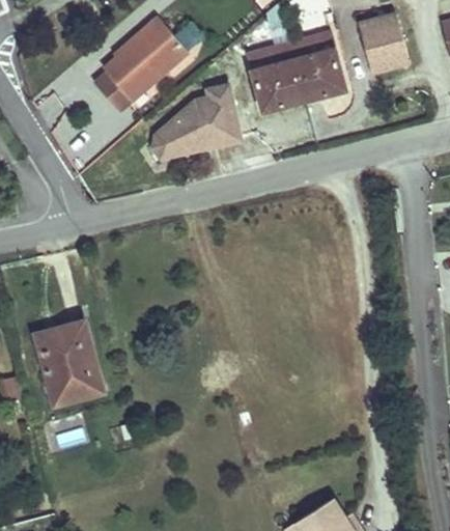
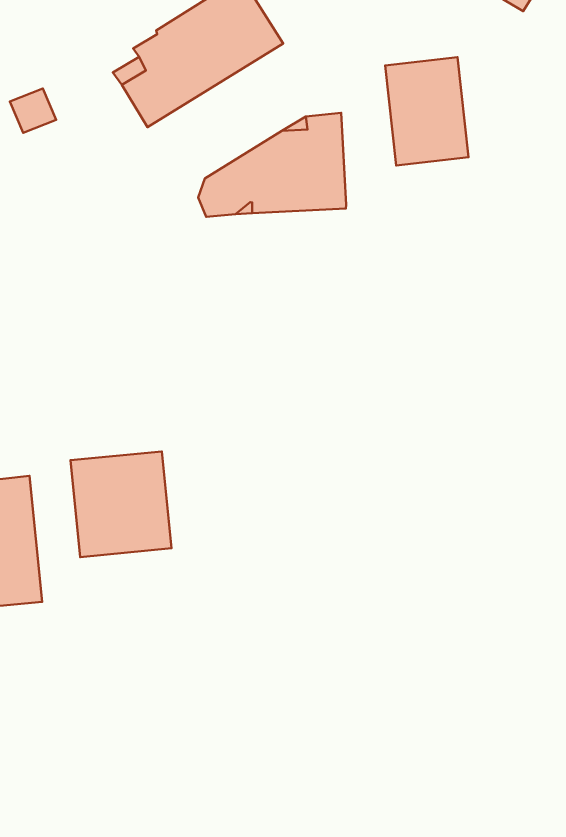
building: [289,32,345,100] -> none
building: none -> [70,451,171,557]

